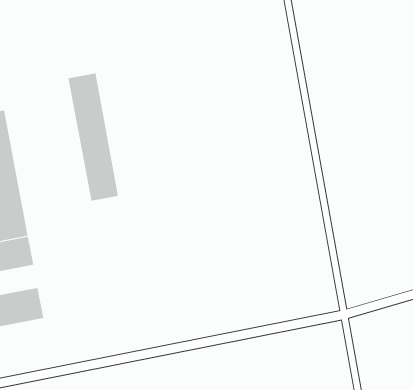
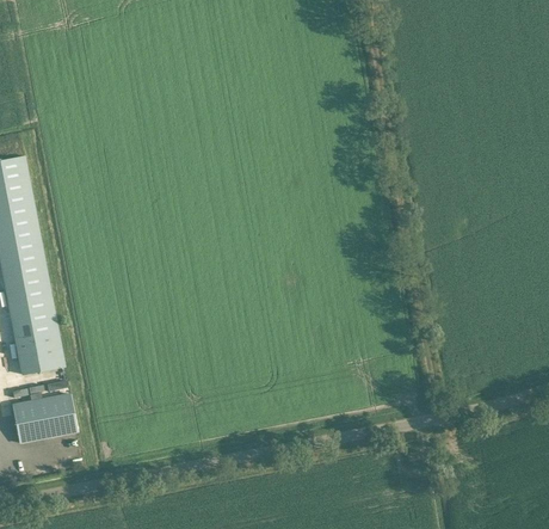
building: [68,73,119,201] -> none

